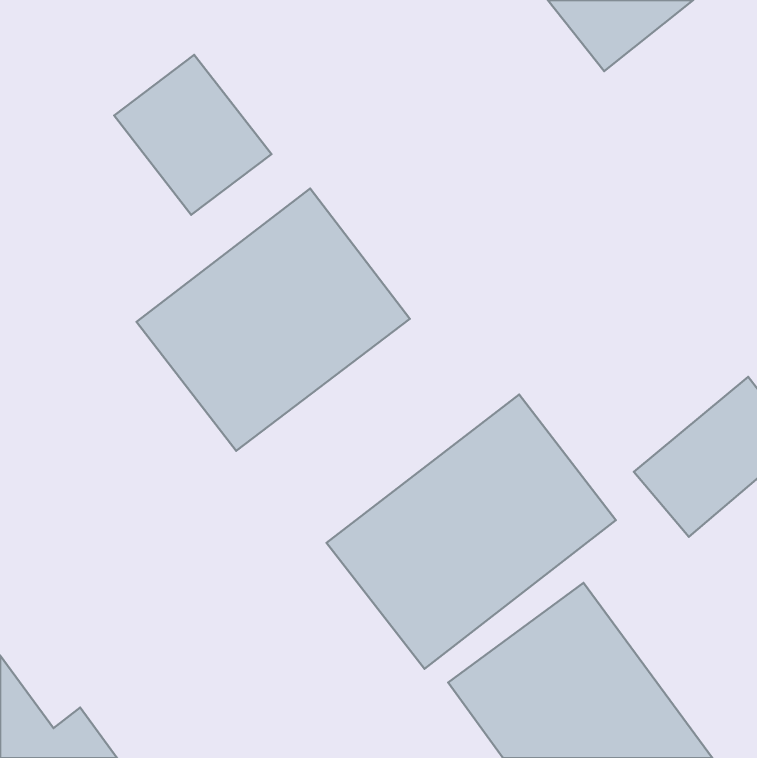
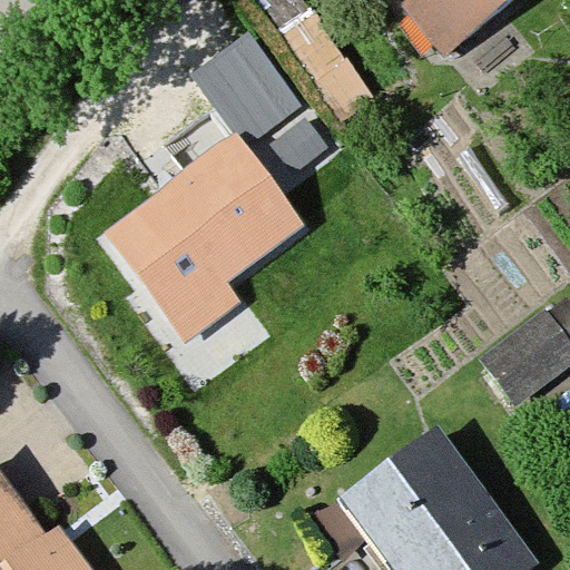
building: [114,55,271,215] -> [188,21,306,141]
building: [326,395,616,669] -> none

